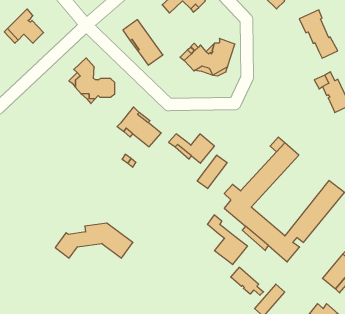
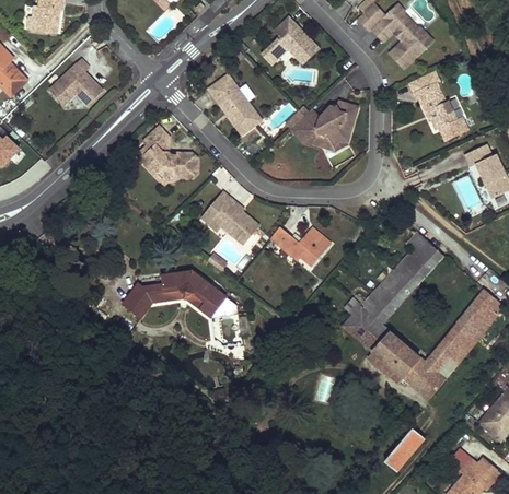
building: [299,10,338,58] -> [408,70,460,134]
building: [197,155,227,189] -> none
building: [208,215,247,265] -> none
building: [55,223,133,258] -> [123,271,227,318]
building: [231,267,264,295] -> none

